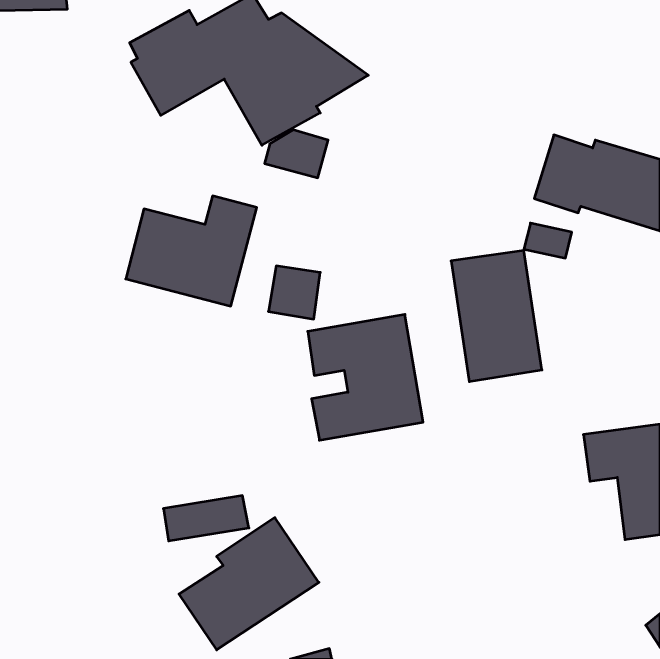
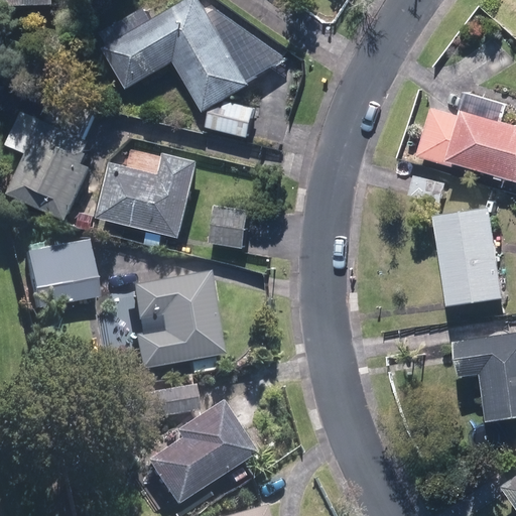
building: none -> [8,122,93,220]
building: [451,251,542,382] -> [432,204,503,305]
building: none -> [20,239,94,308]
building: [308,314,423,440] -> [126,273,216,371]

